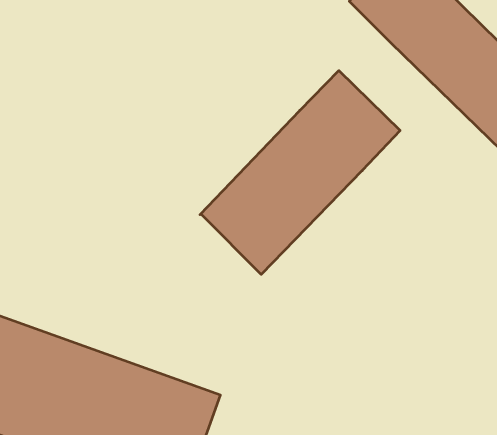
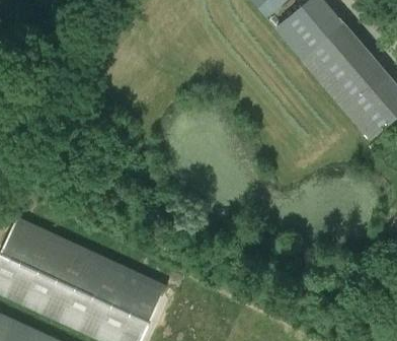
building: [200,71,400,274] -> none

